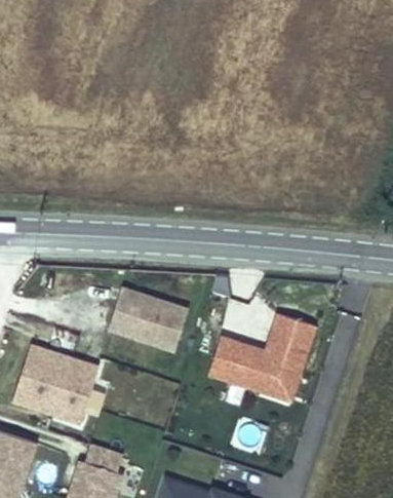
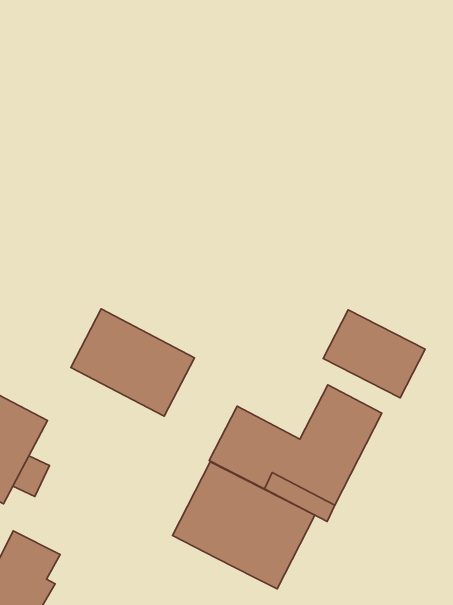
building: none -> [323,310,425,398]
building: none -> [172,462,315,589]

